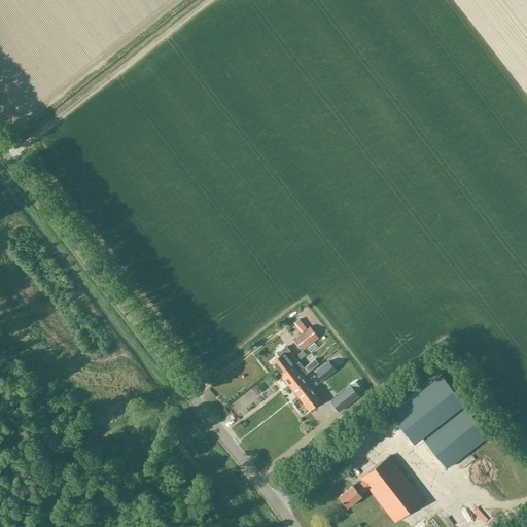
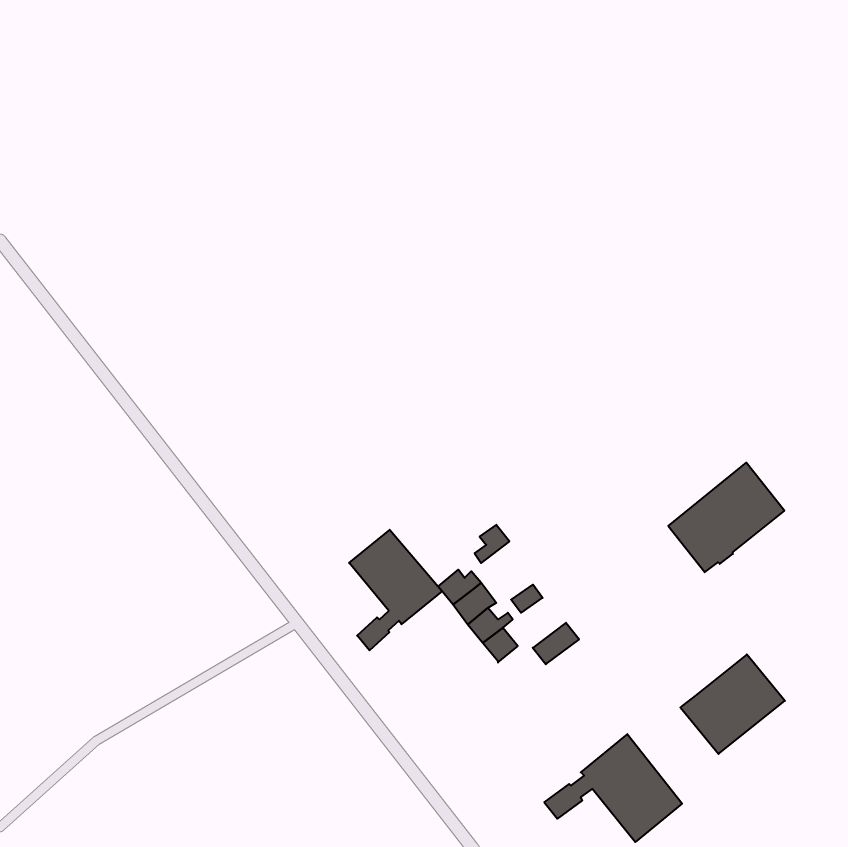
building: none -> [349,530,442,650]
building: [391,376,463,444] -> [668,463,784,572]

